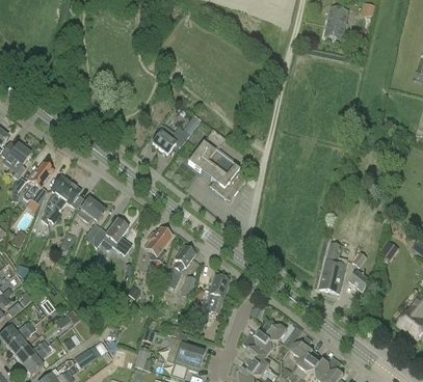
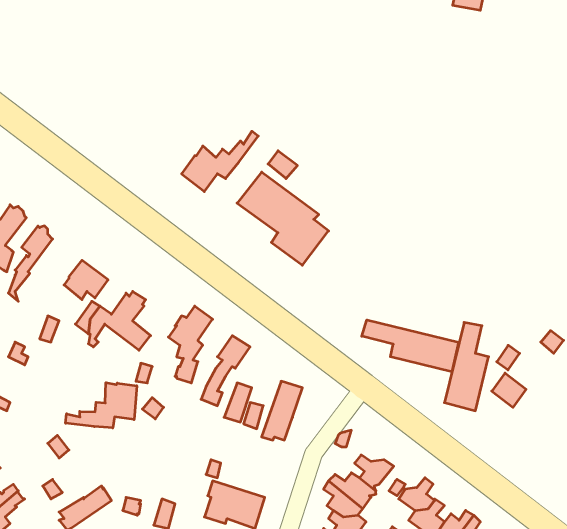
building: [46,184,84,223] -> none
building: none -> [362,320,459,372]
building: none -> [66,383,137,428]

